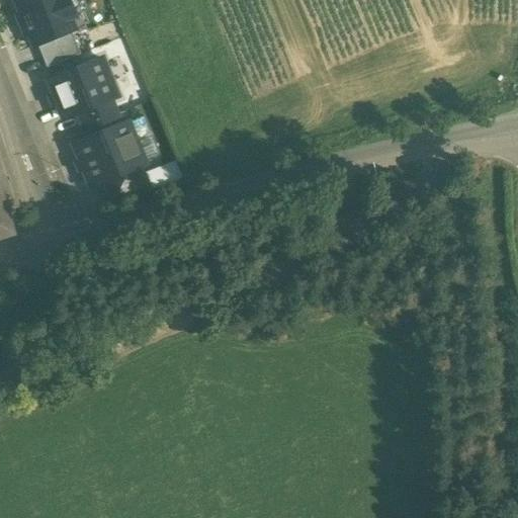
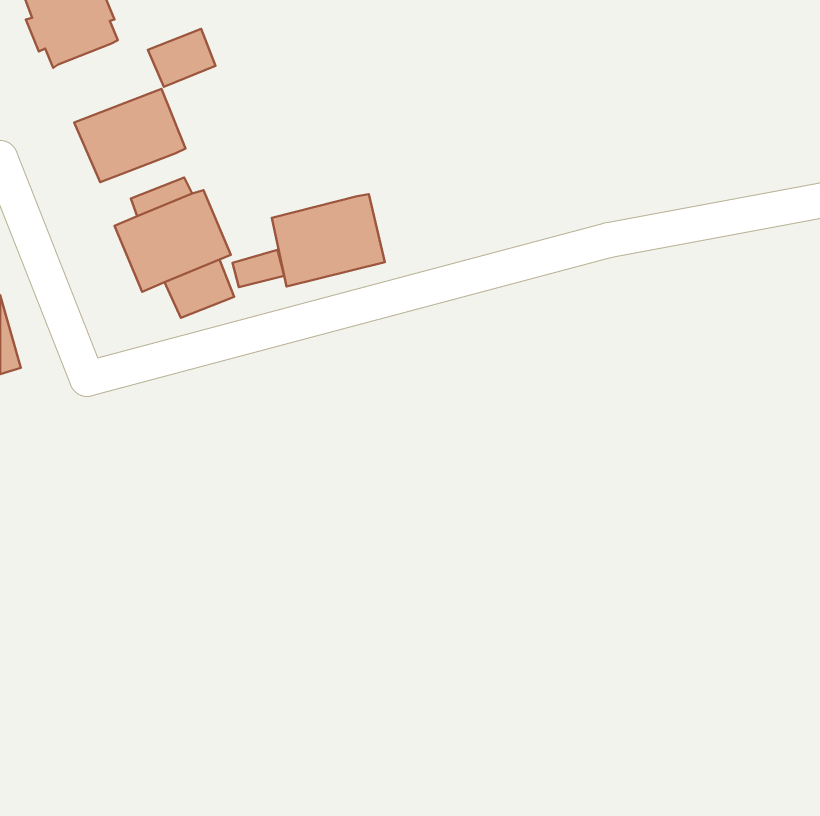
building: [39,27,82,64] -> [148,29,216,87]
building: [79,96,118,124] -> none
building: none -> [272,194,385,287]

